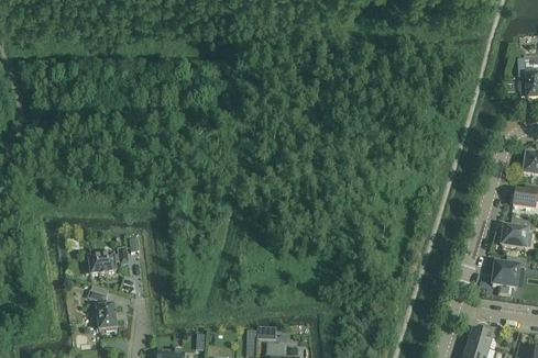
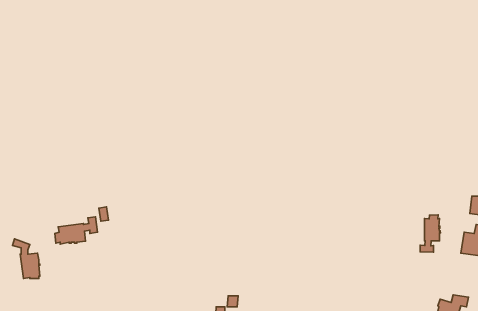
building: none -> [420,215,441,252]
building: [88,289,116,328] -> [12,239,40,278]

